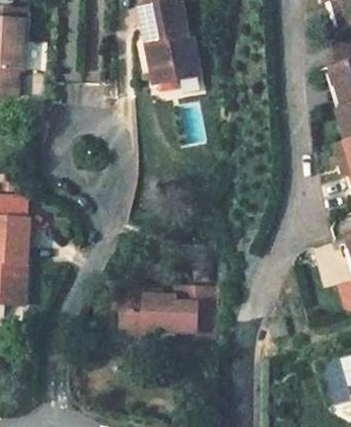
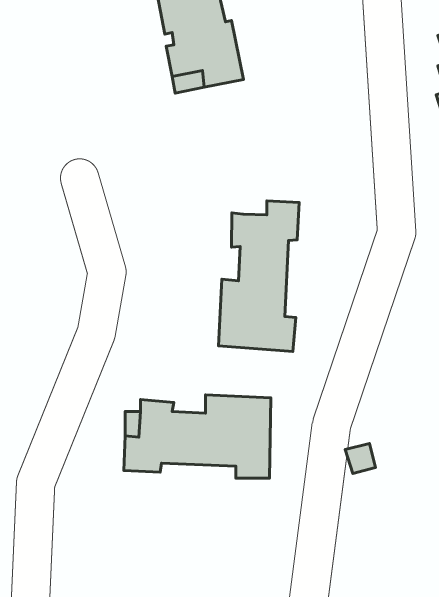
building: none -> [219,201,299,352]

